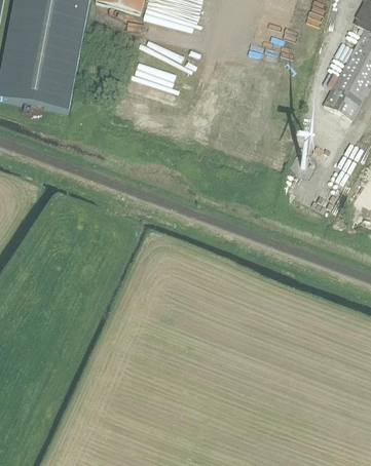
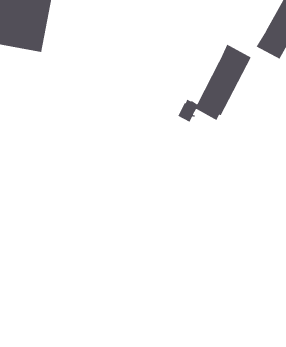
building: none -> [177,44,252,123]

